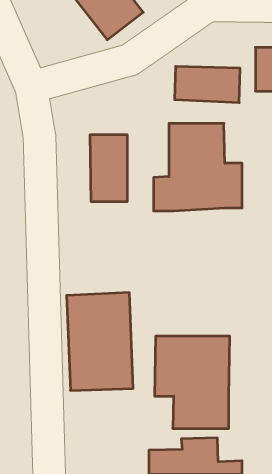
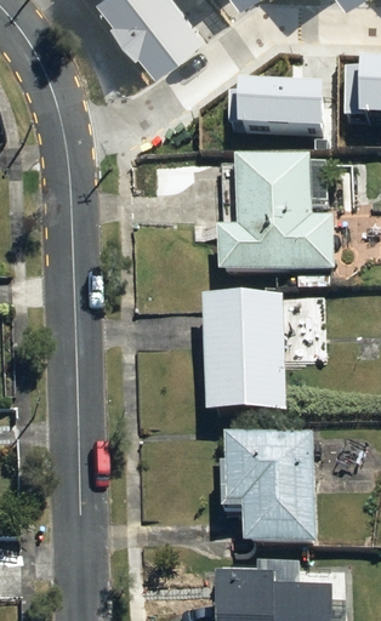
building: [90,135,127,202] -> none
building: [67,293,133,390] -> [199,287,284,412]

